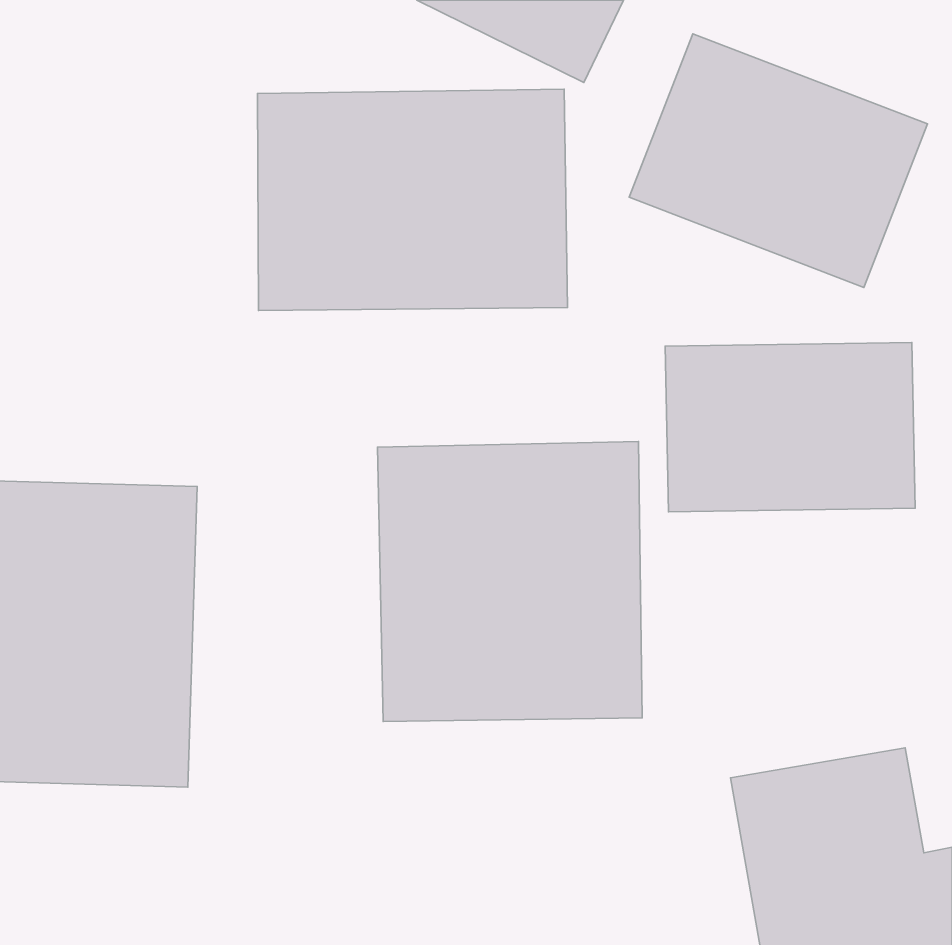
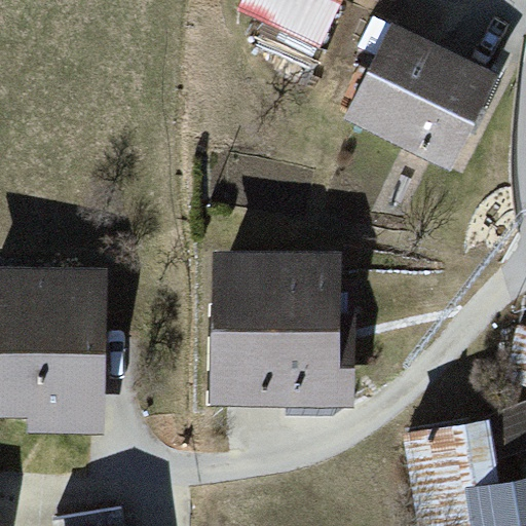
building: [257,89,567,310] -> none
building: [665,343,915,512] -> none

